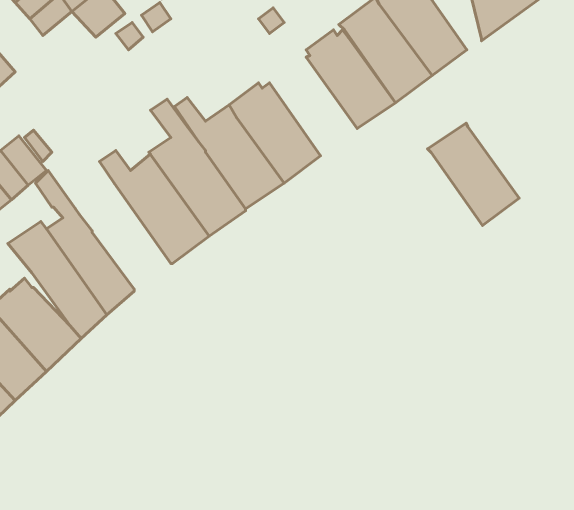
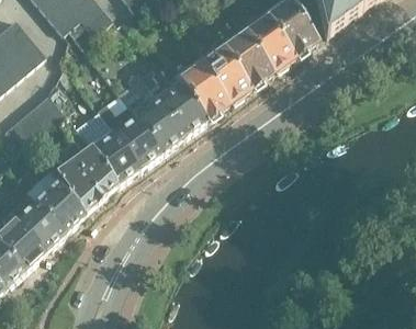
building: [428,123,519,225] -> [195,46,250,107]
building: none -> [75,114,138,188]

